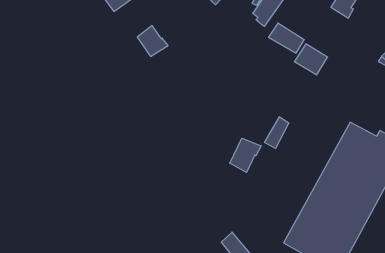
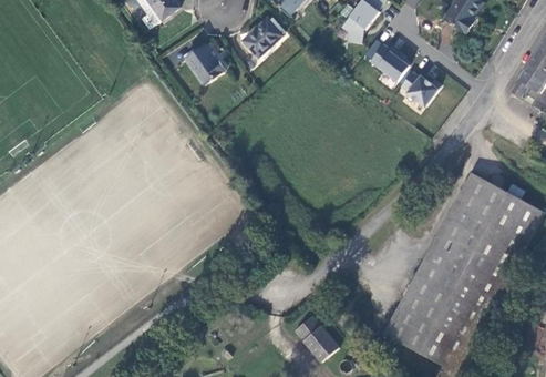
building: none -> [244,17,284,57]
building: [265,117,289,148] -> none
building: [230,138,261,172] -> none

